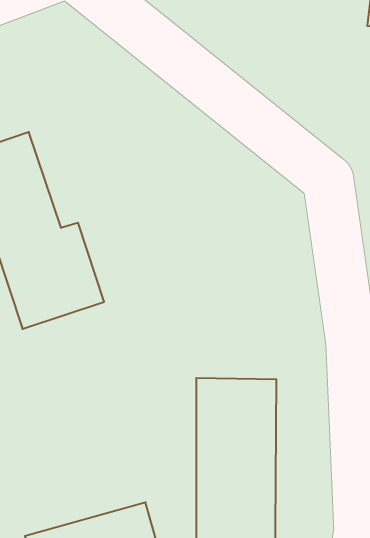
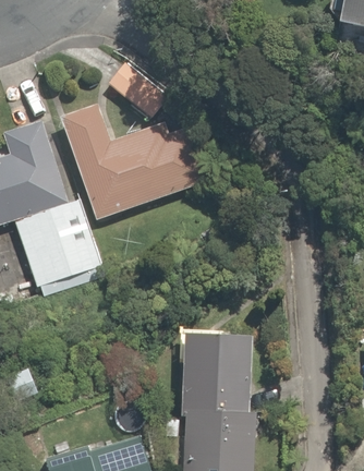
building: none -> [108,60,171,118]
building: none -> [59,101,203,220]

